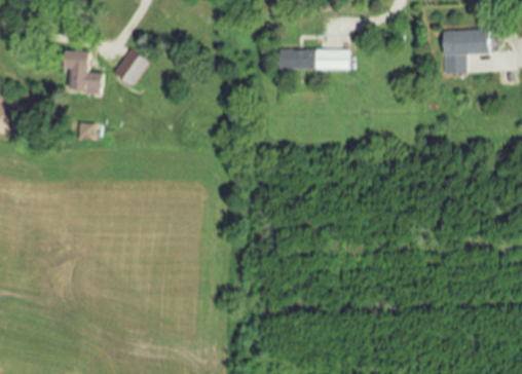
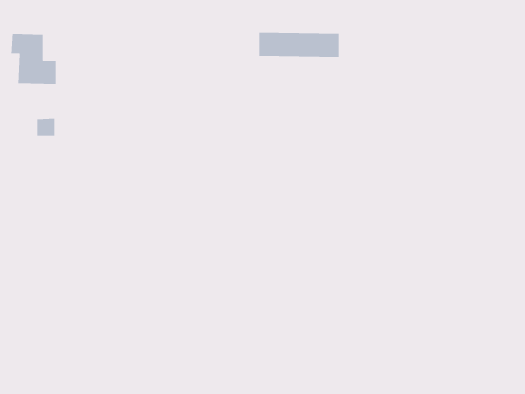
building: [442,28,489,73] -> none
building: [115,50,145,84] -> none

